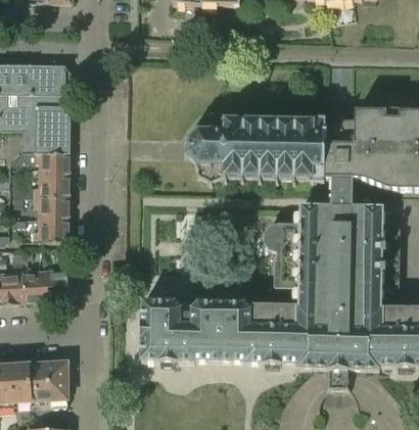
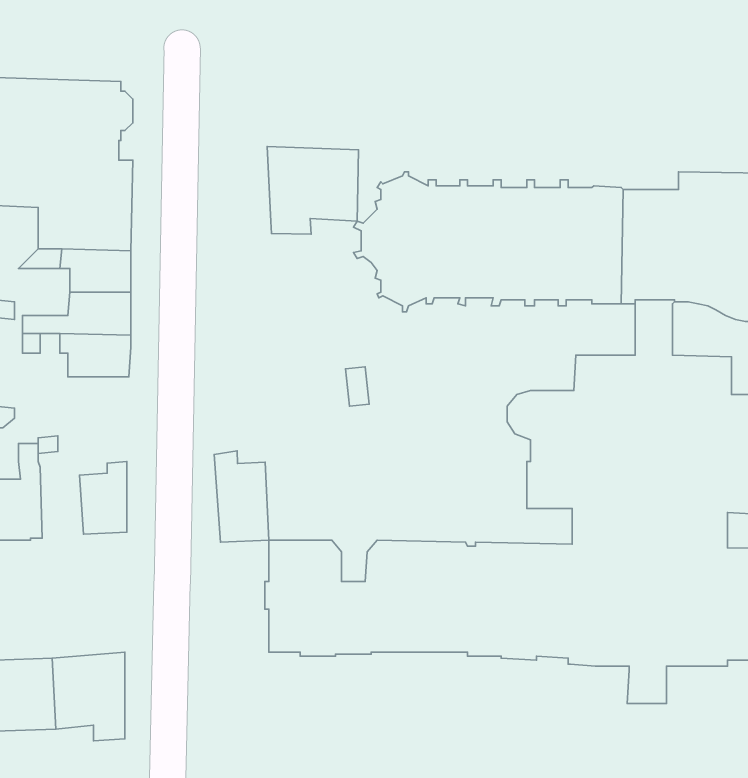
building: none -> [267,147,359,234]
building: [33,216,69,239] -> none
building: none -> [214,451,269,542]
building: [24,262,46,299] -> none

